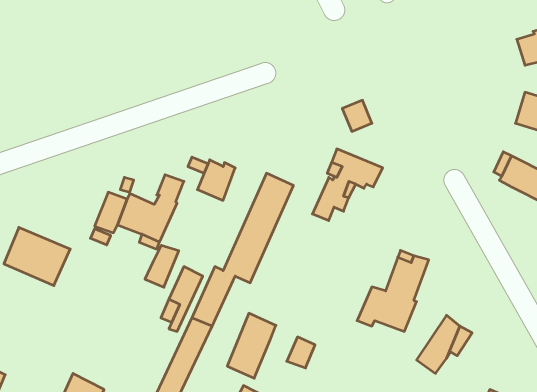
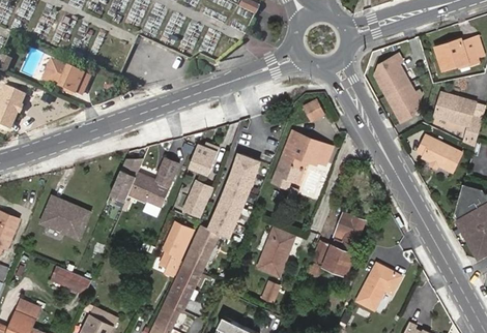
building: none -> [372,54,416,122]
building: none -> [42,64,87,98]
building: [145,245,179,287] -> [188,178,213,210]
building: [227,313,276,378] -> [257,228,294,277]
building: none -> [50,265,89,294]

